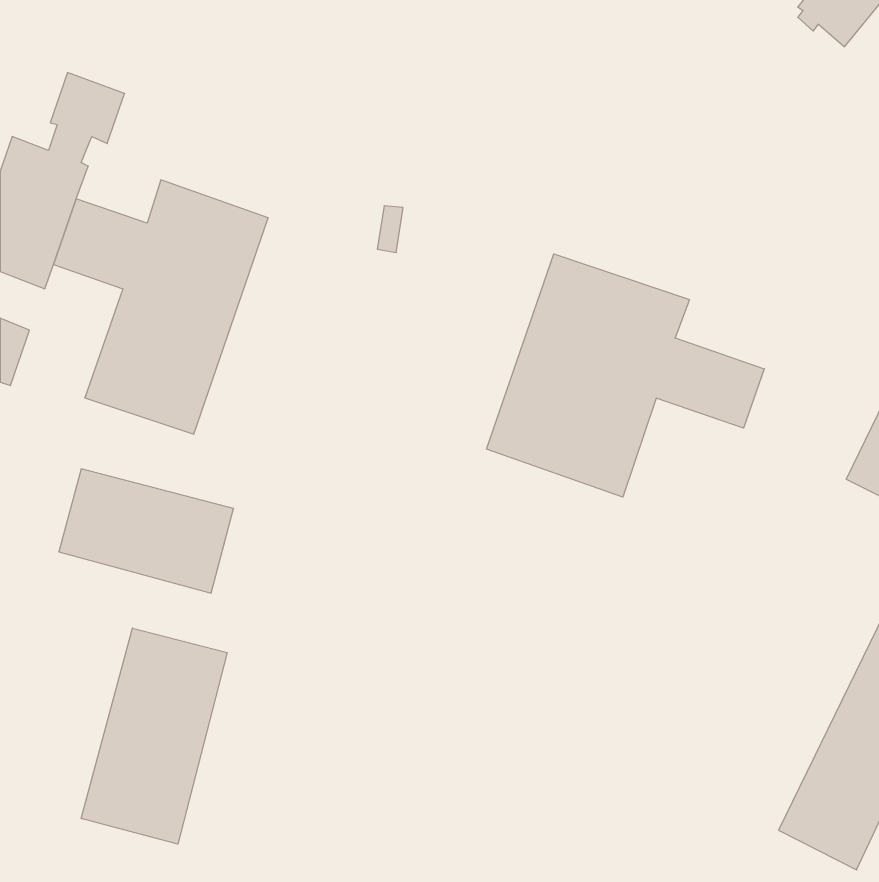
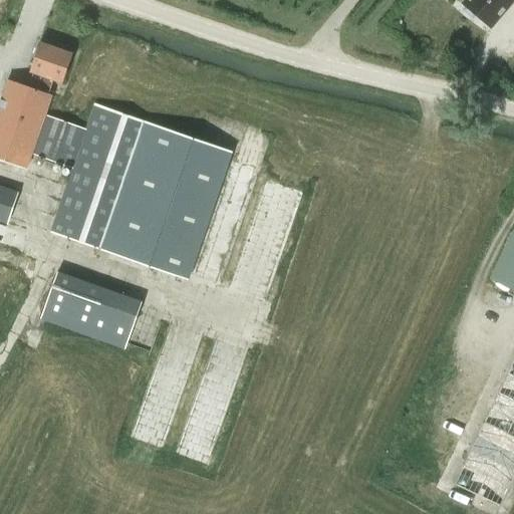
building: none -> [115,126,231,277]
building: [487,254,764,497] -> none
building: [81,628,227,844] -> none

